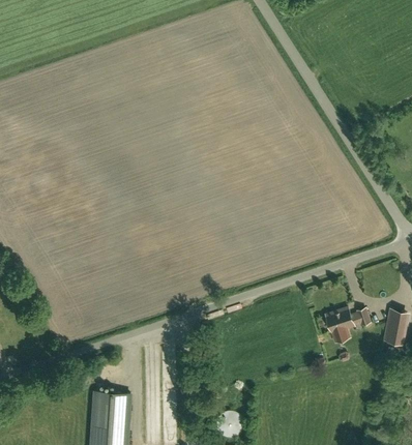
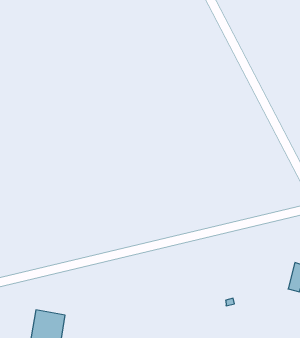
building: [324,308,369,343] -> none

